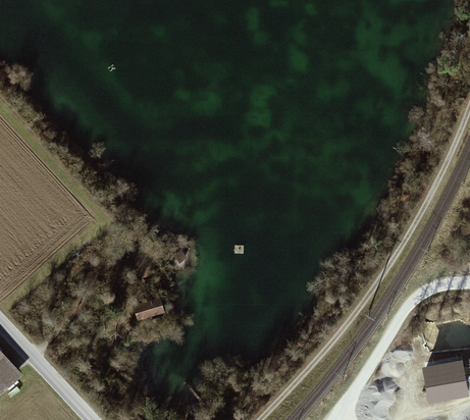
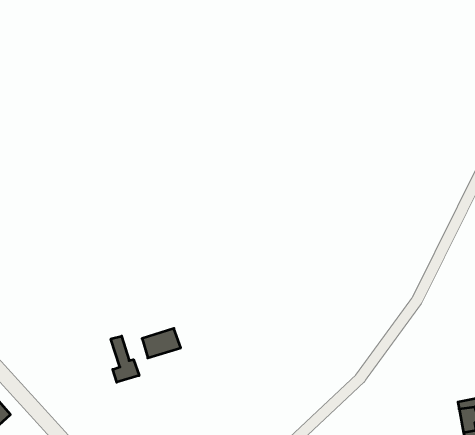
building: none -> [111,336,139,382]

